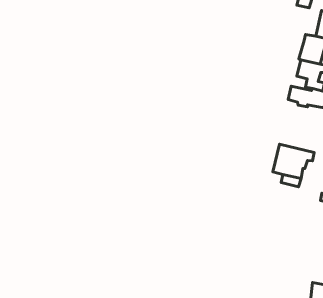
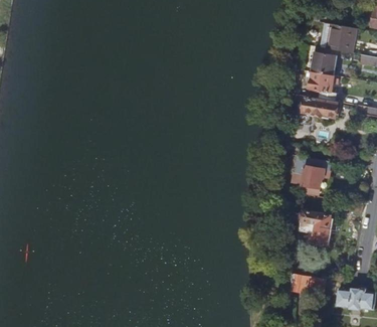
building: none -> [300,209,331,242]
building: none -> [292,272,325,292]

